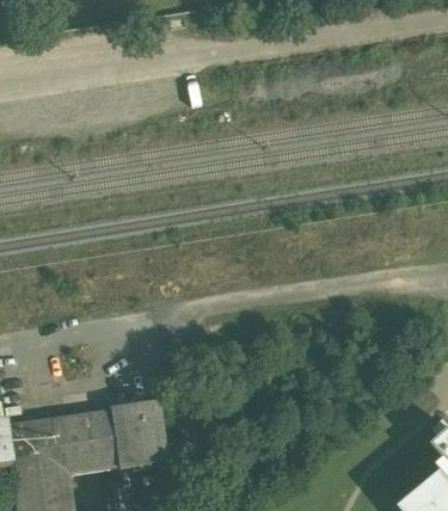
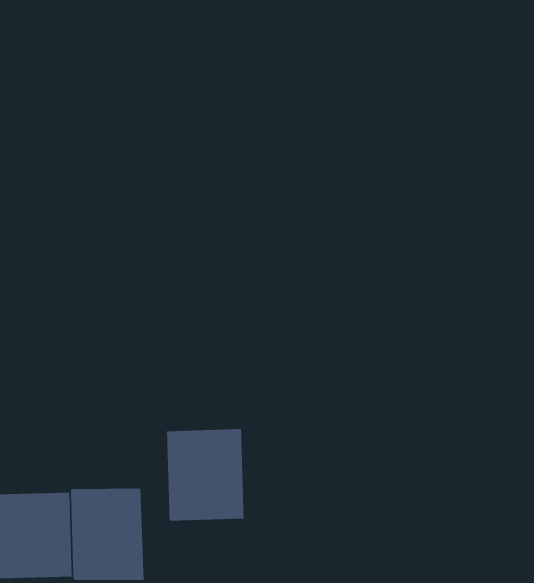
building: none -> [166,428,244,522]

